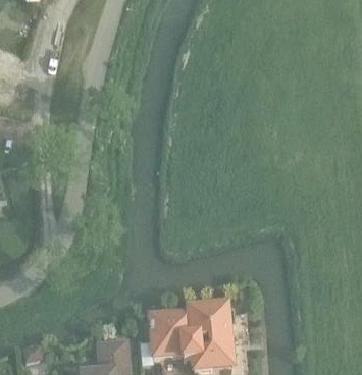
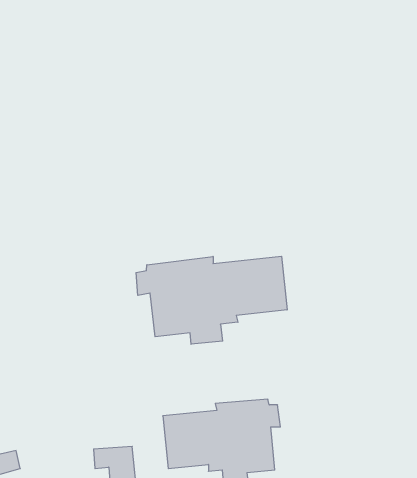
building: none -> [136,256,287,344]

